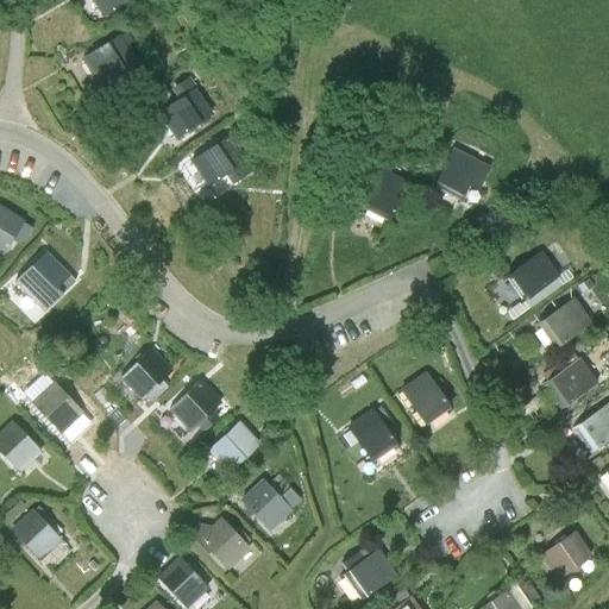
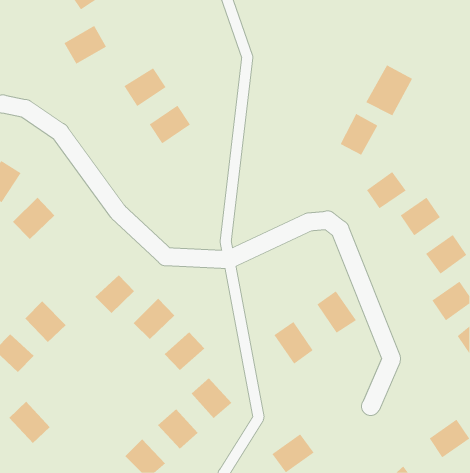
building: none -> [365,64,413,116]
building: [358,165,406,219] -> none
building: none -> [366,171,406,209]

